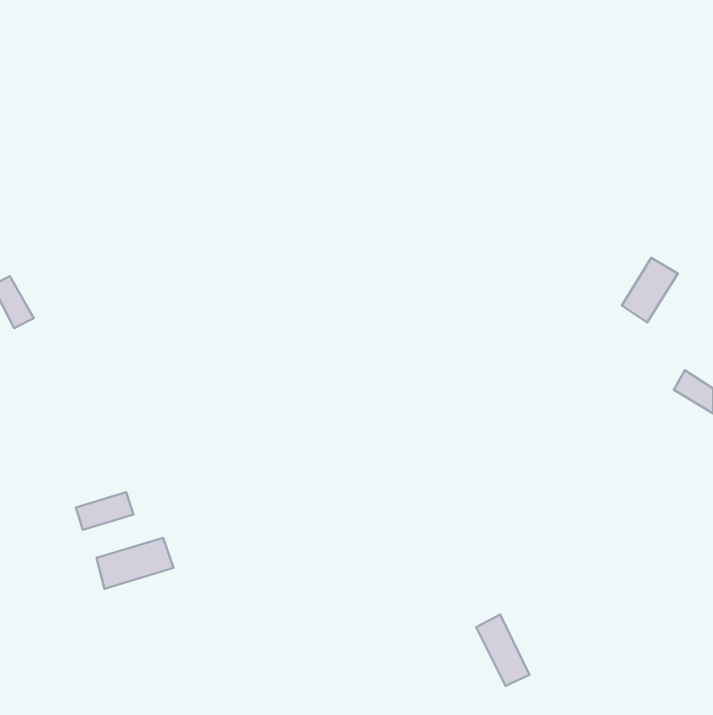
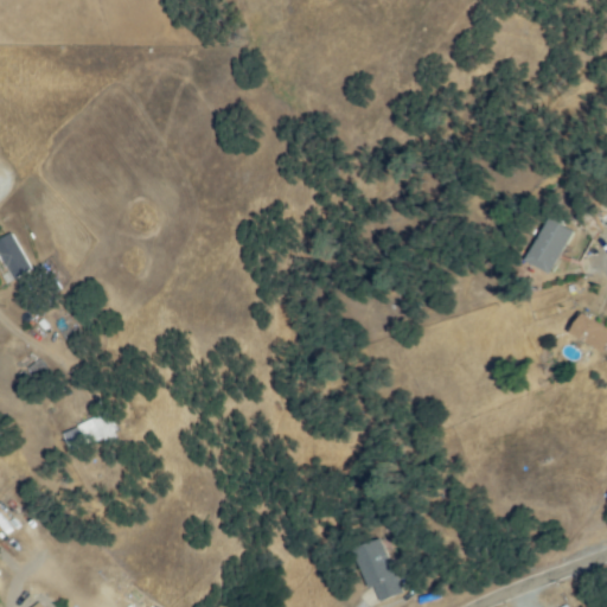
building: [97,538,173,589] -> none
building: [476,614,529,686] -> [354,539,400,600]

